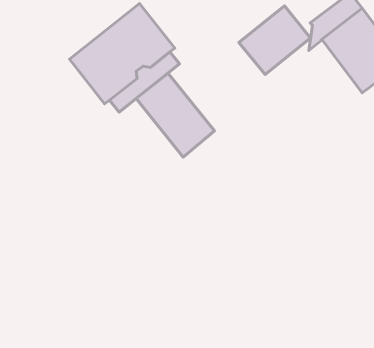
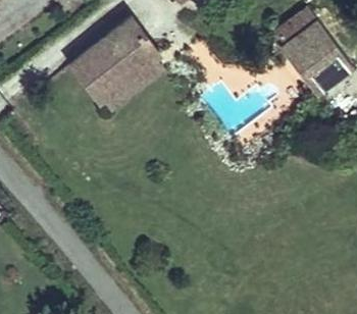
building: [239,6,311,74] -> none
building: [136,73,215,157] -> none

